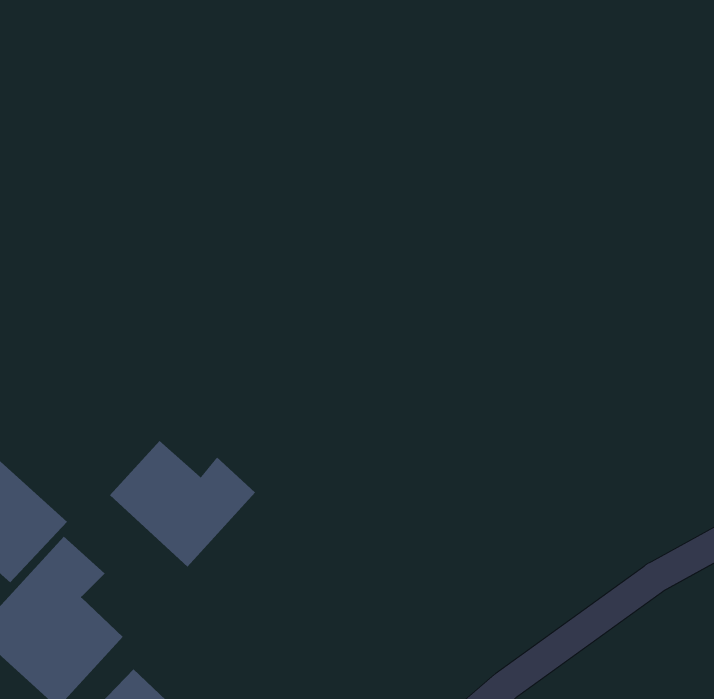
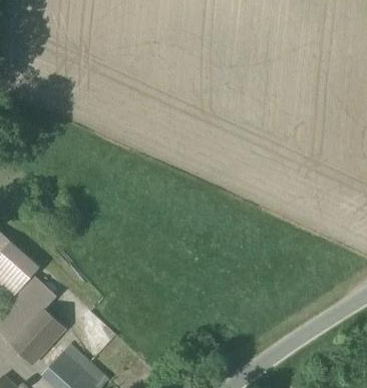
building: [109,440,256,567] -> none

